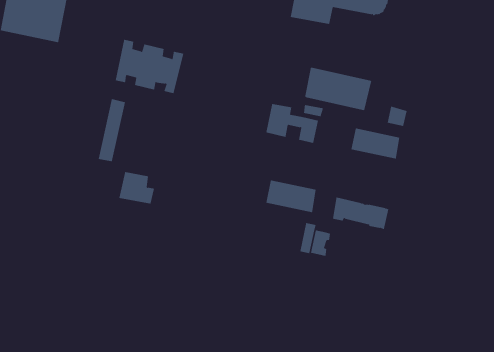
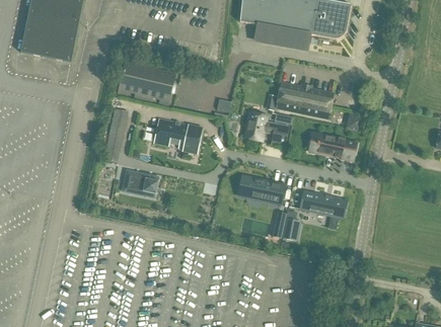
building: none -> [153,118,202,154]

